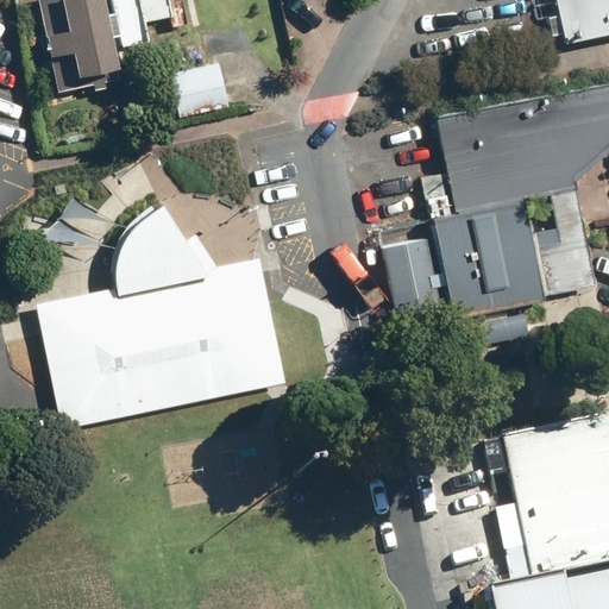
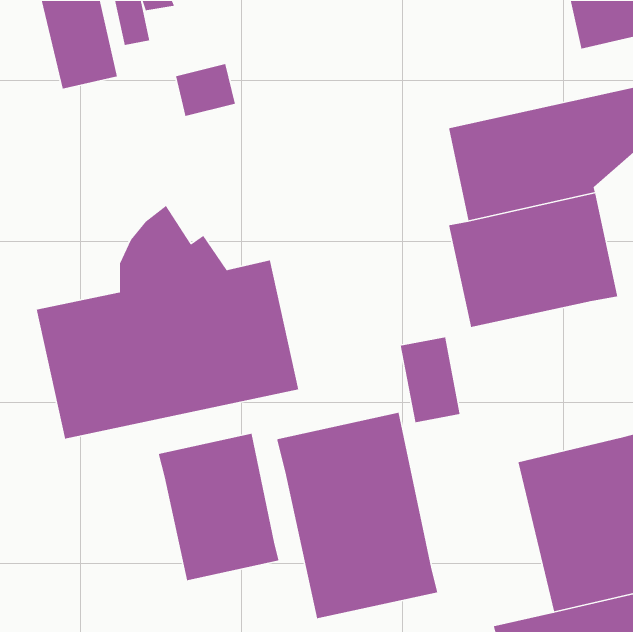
building: [382,239,440,322] -> [400,336,461,423]
building: none -> [276,412,438,619]
building: none -> [158,433,279,581]

